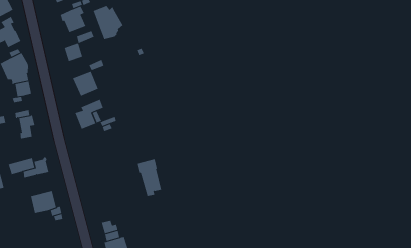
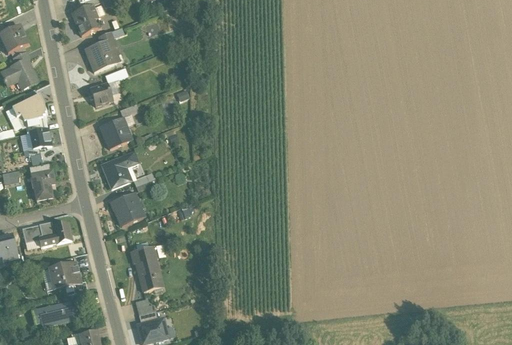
building: [93,5,123,40] -> none
building: none -> [109,192,144,226]
building: [136,158,162,196] -> [130,245,161,291]
building: none -> [30,301,77,327]

